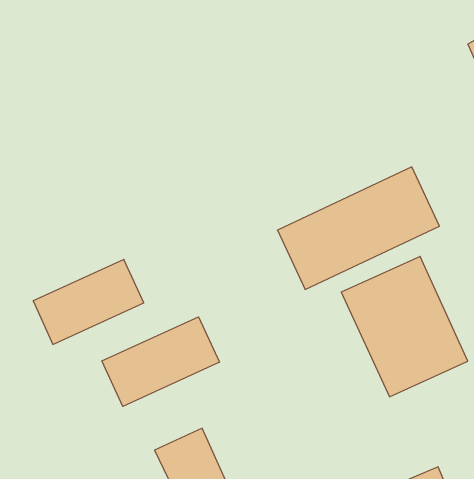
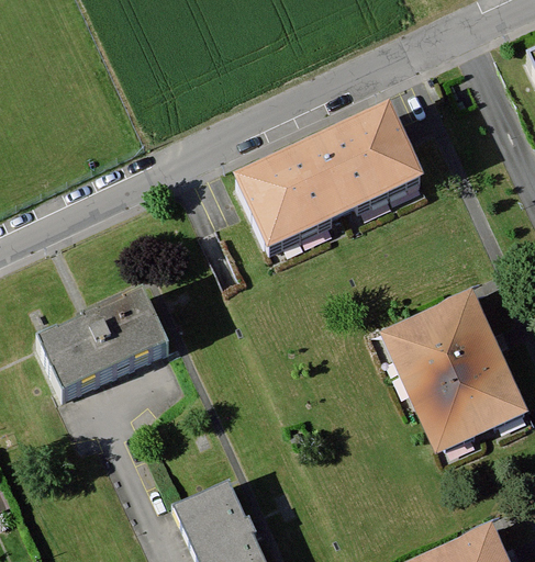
building: [277,167,439,289] -> [238,110,419,246]
building: [102,317,219,406] -> none

